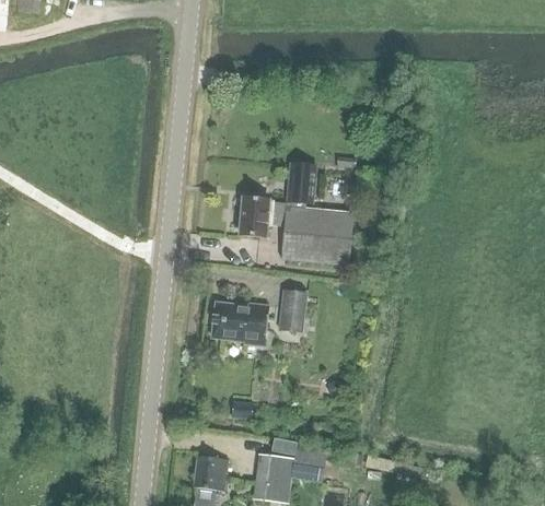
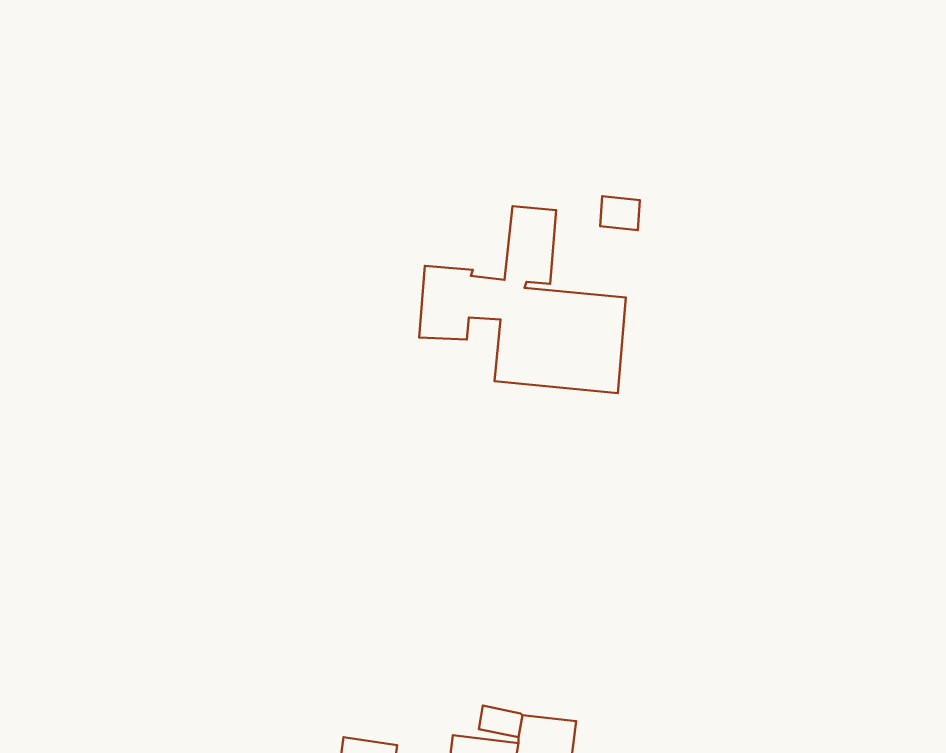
building: [277,287,306,330] -> none
building: [210,302,267,341] -> none

